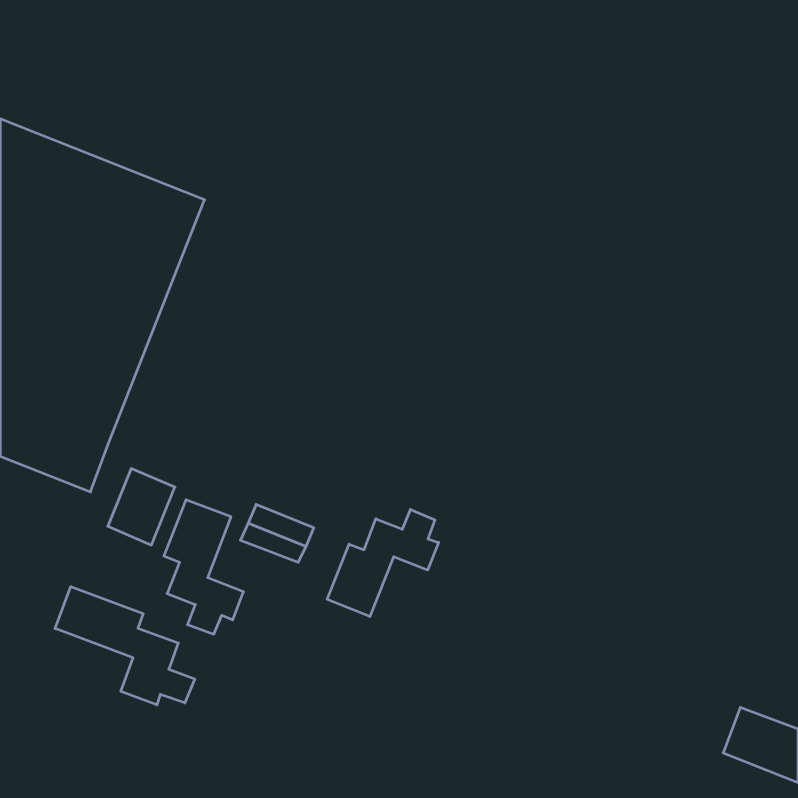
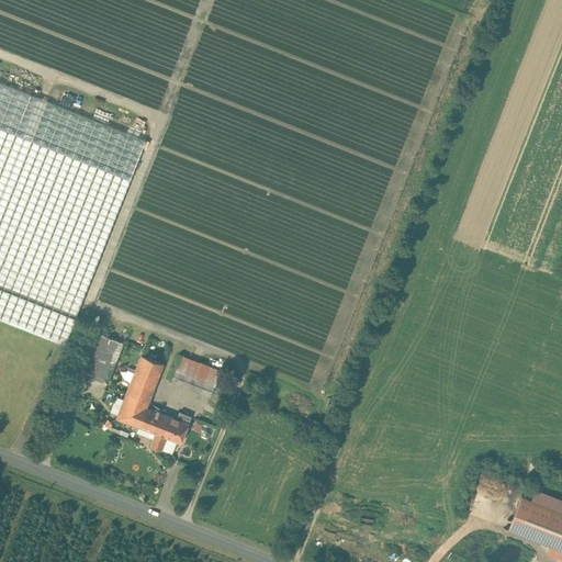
building: [327,509,439,617] -> none
building: none -> [150,412,191,450]
building: [55,587,195,705] -> none

